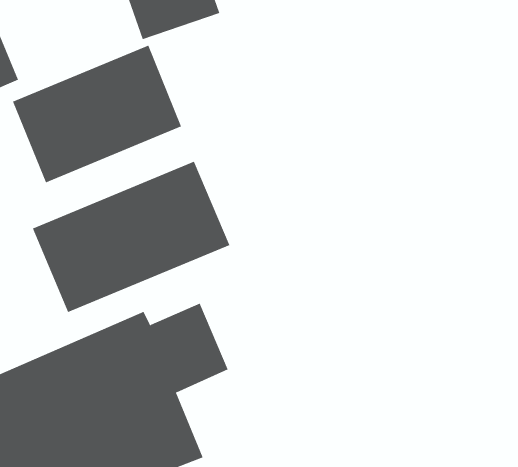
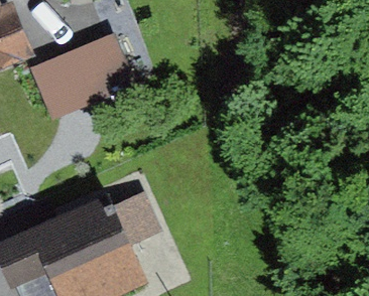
building: [32,161,230,313] -> none

